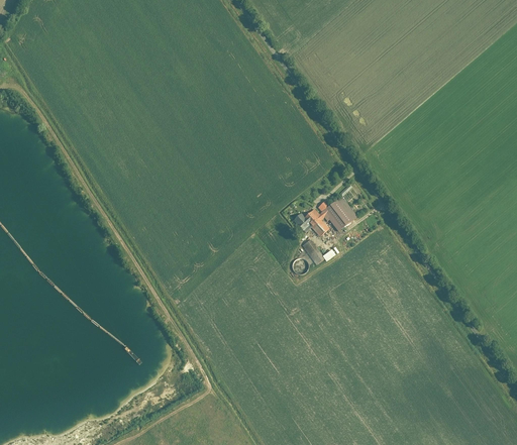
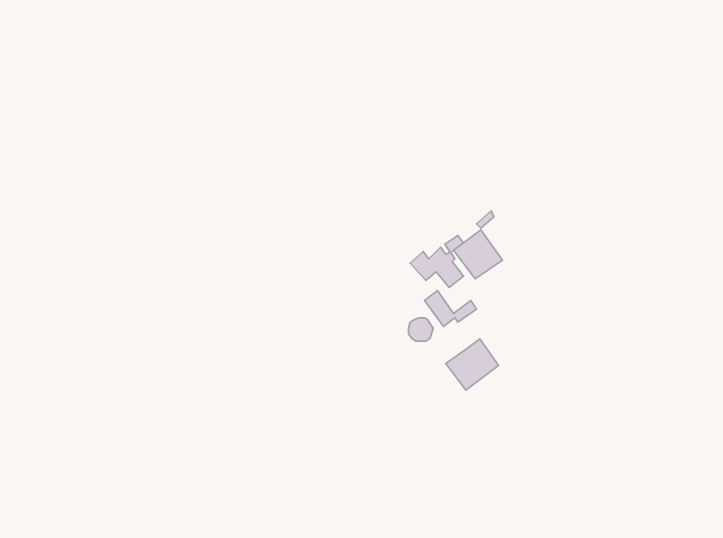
building: none -> [446,339,499,390]

